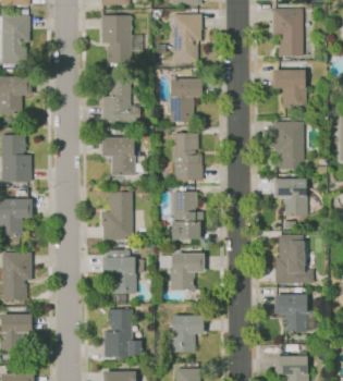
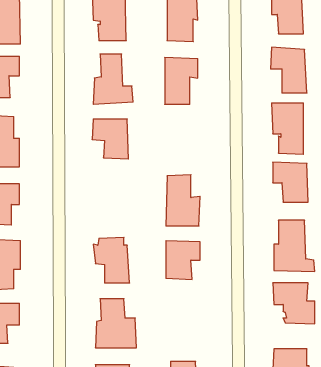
building: [170,133,203,181] -> none
building: [102,189,132,239] -> none
building: [171,314,203,352] -> none

